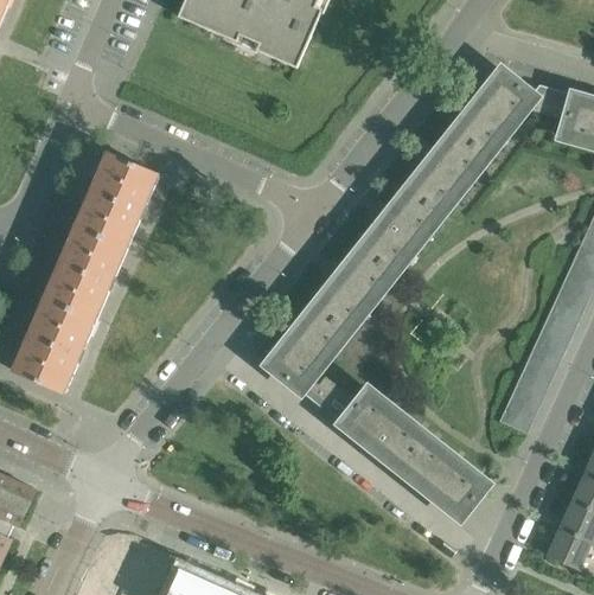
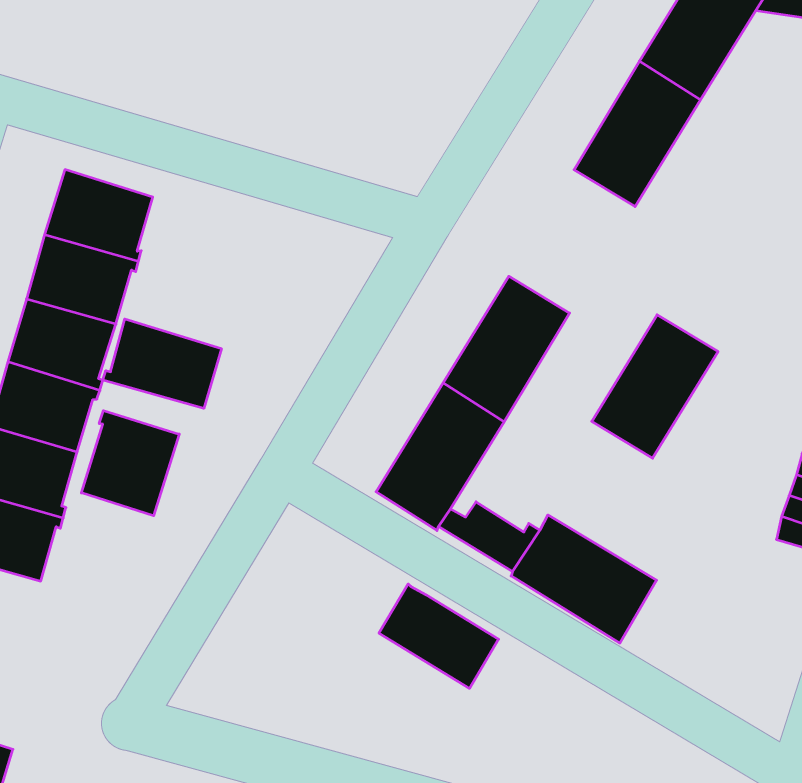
building: [362,188,441,273] -> [592,315,718,458]
building: none -> [103,319,221,408]
building: none -> [81,411,179,516]
building: none -> [379,584,499,688]
building: [401,436,486,517] -> none

